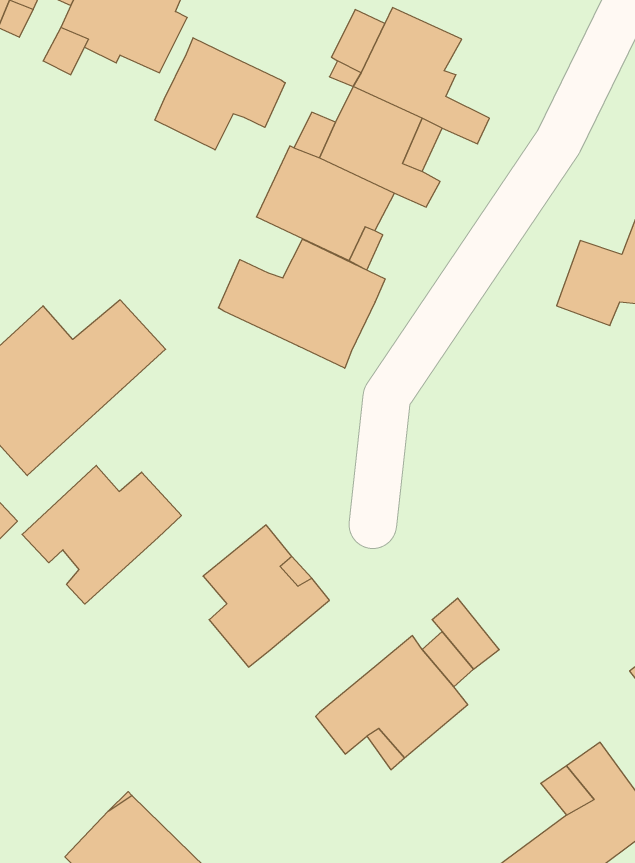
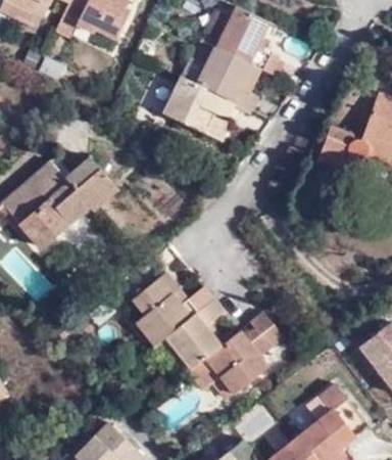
building: [155,38,285,150] -> none
building: [218,239,385,368] -> none
building: [22,465,181,604] -> none
building: none -> [169,301,227,371]

